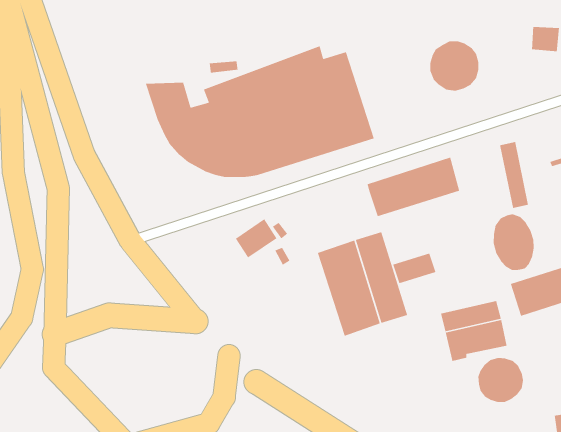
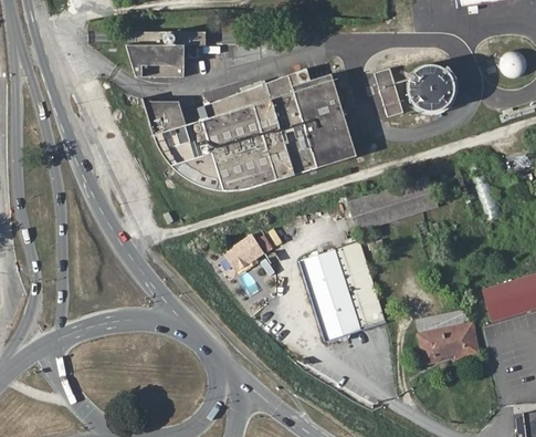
building: none -> [124,32,209,80]
building: none -> [376,65,407,115]
building: [493,213,535,271] -> none
building: [392,252,437,284] -> none
building: [477,357,524,403] -> none

